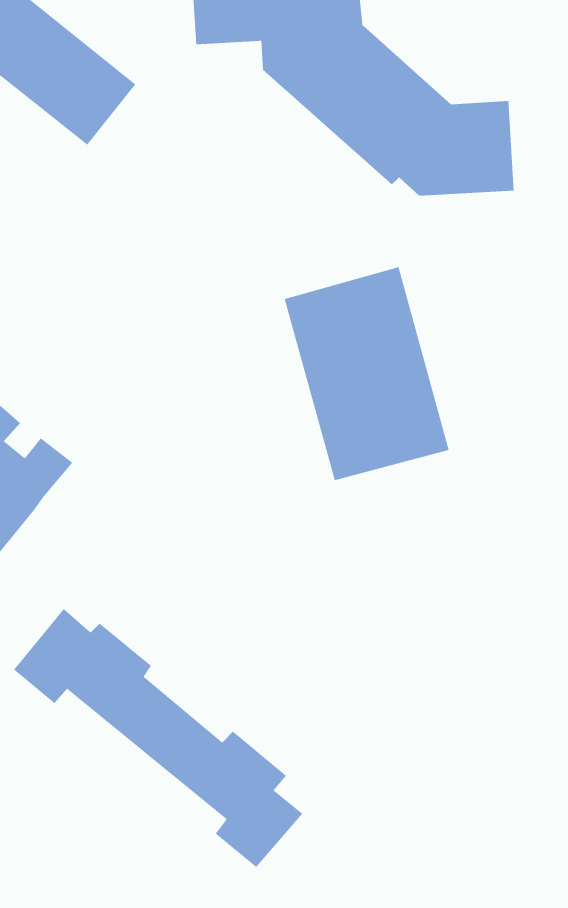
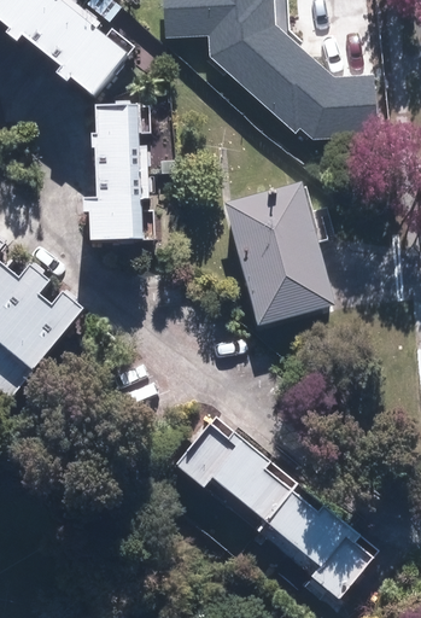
building: none -> [87,106,141,241]
building: [13,608,303,868] -> [175,421,369,595]

